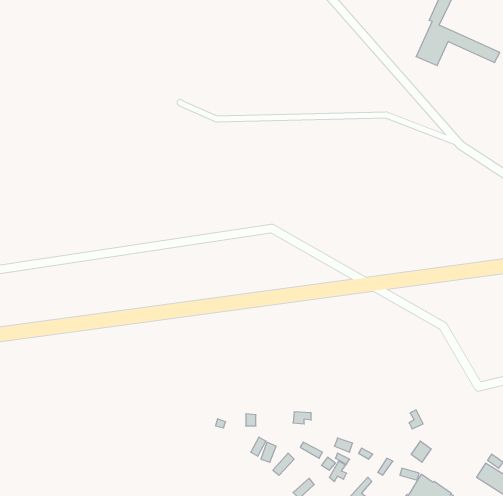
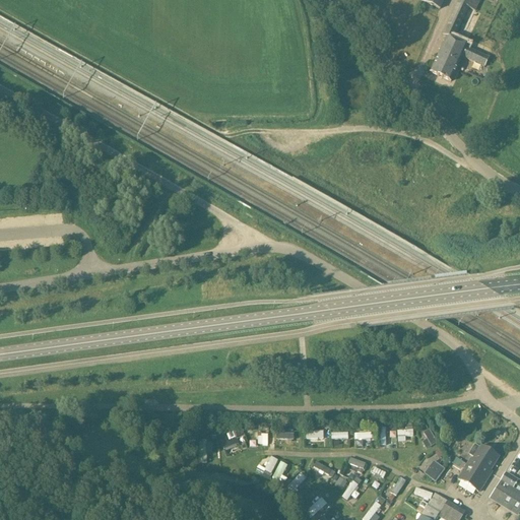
building: none -> [454,443,500,492]

